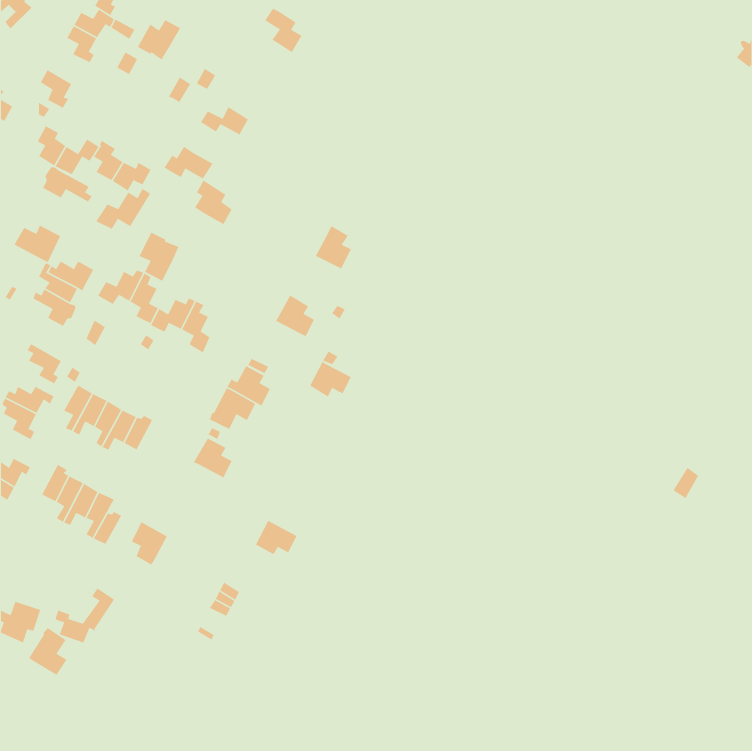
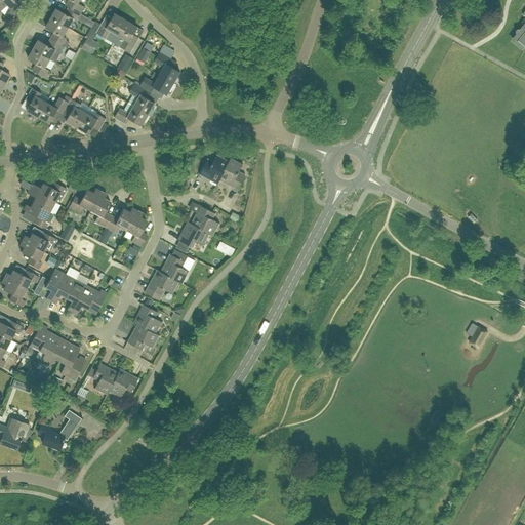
building: [264,7,302,53] -> [154,51,180,83]
building: none -> [113,19,139,52]
building: none -> [33,38,65,62]
building: [42,166,93,202] -> none
building: [194,180,233,225] -> [128,82,155,114]
building: [95,188,151,230] -> none
building: none -> [200,154,229,181]
building: [14,225,61,263] -> none
building: [138,231,179,282] -> none
building: none -> [22,232,56,251]
building: [309,361,352,398] -> [179,221,209,247]
building: [255,520,297,555] -> [129,324,159,349]
building: none -> [108,369,136,397]
building: [28,627,68,676] -> none

